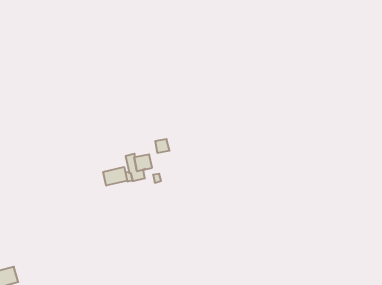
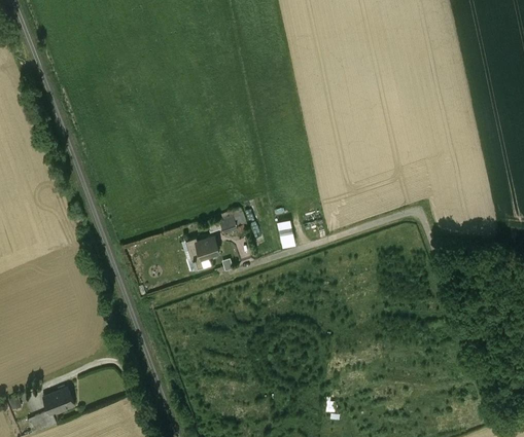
building: [103,167,127,186] -> none

